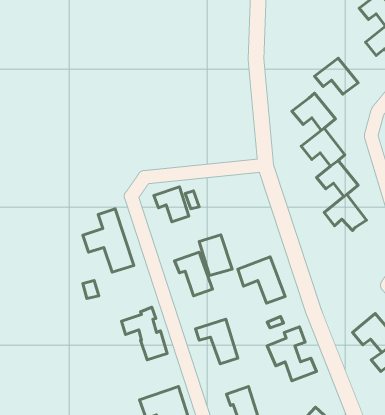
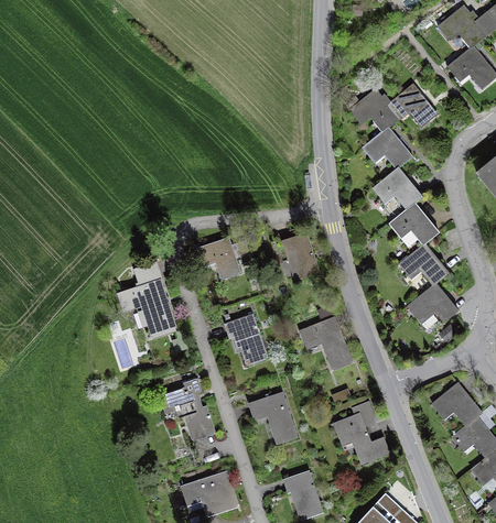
building: none -> [351,91,397,132]
building: none -> [406,283,457,325]
building: [199,235,232,276] -> [280,235,319,282]

